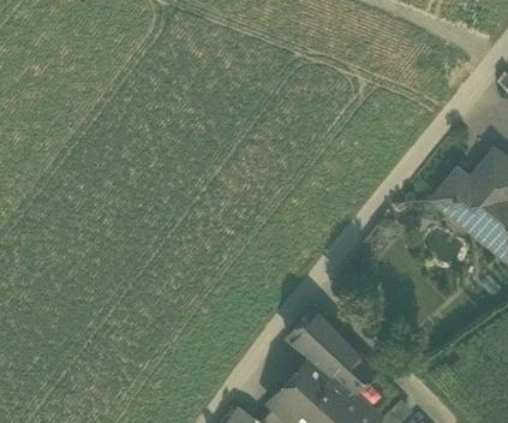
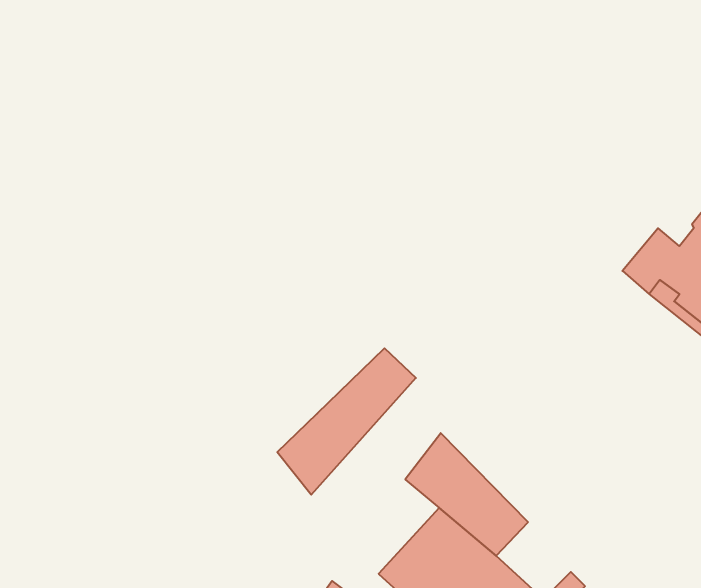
building: none -> [277,348,416,495]

